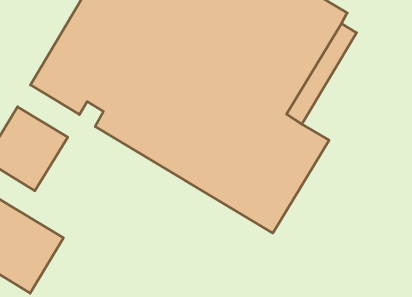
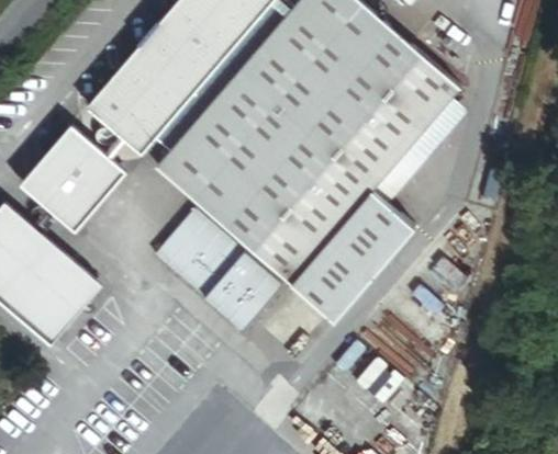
building: none -> [149,208,283,337]

